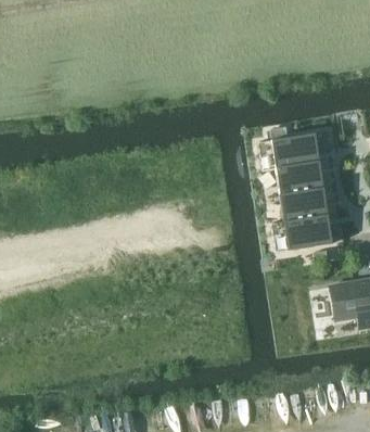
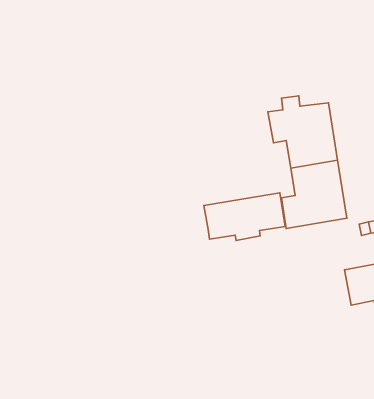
building: none -> [204,193,285,241]

